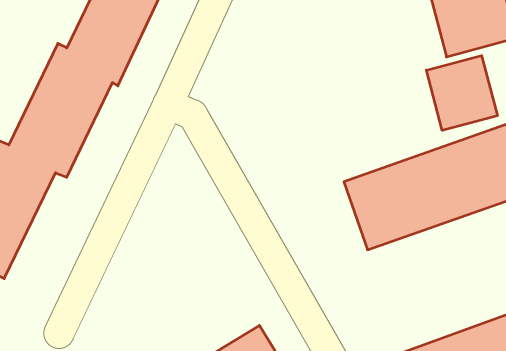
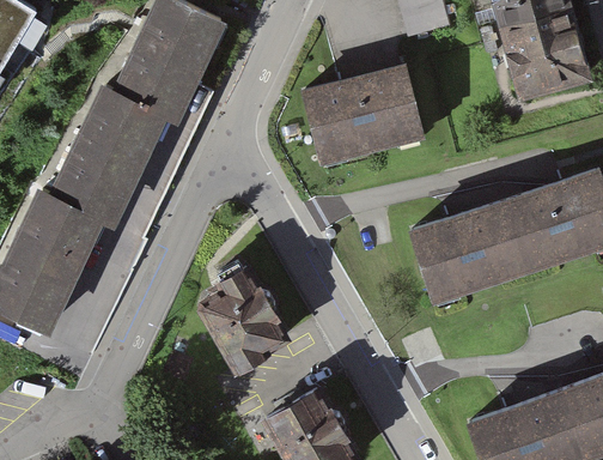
building: none -> [299,63,421,168]
building: [426,56,497,130] -> none
building: none -> [191,270,288,374]

